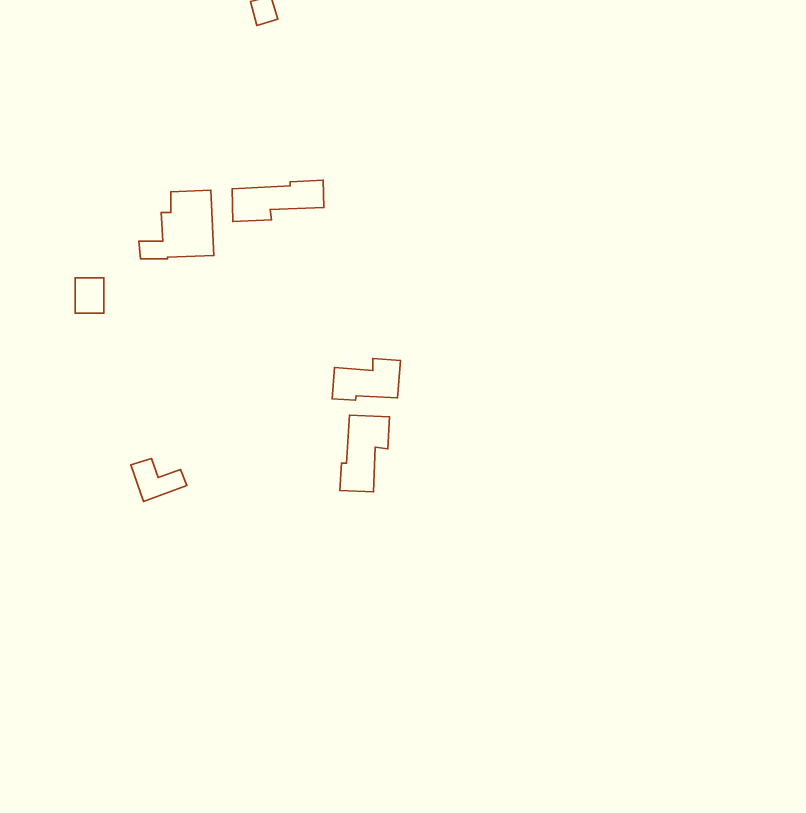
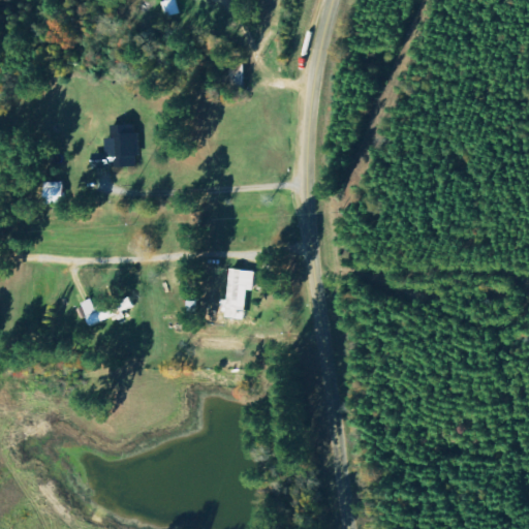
building: [232,180,324,222] -> none
building: [332,359,400,400] -> none

